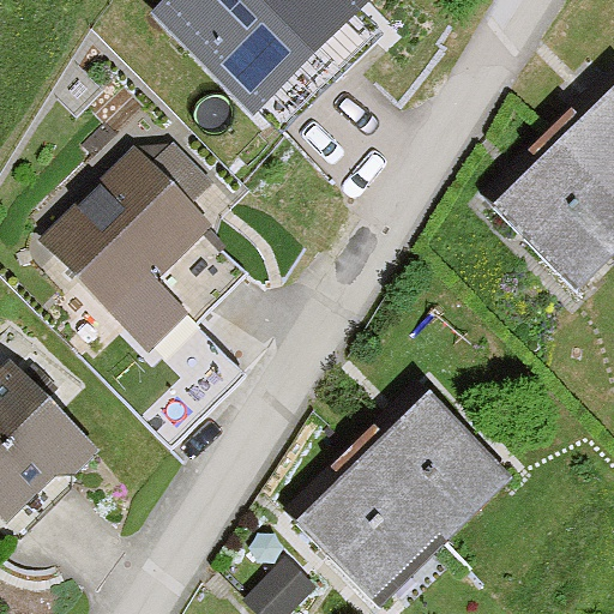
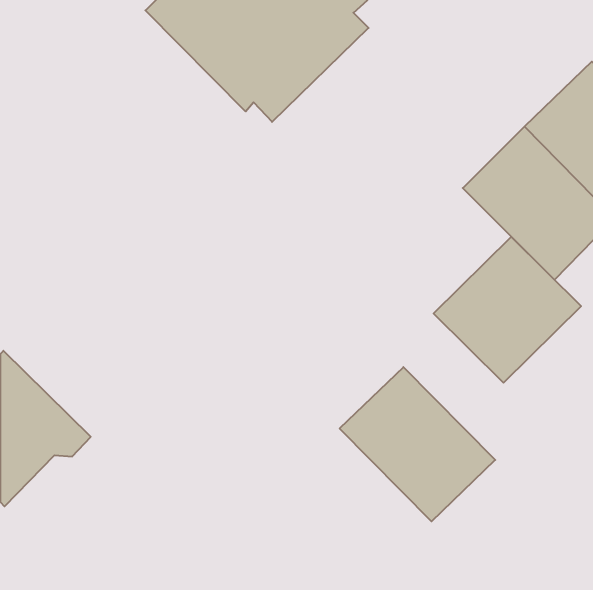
building: [42,144,246,349] -> none
building: none -> [434,237,581,383]
building: [285,443,446,603] -> none

